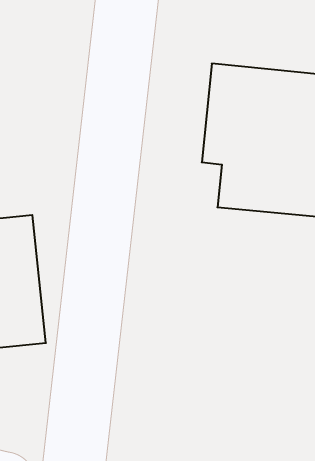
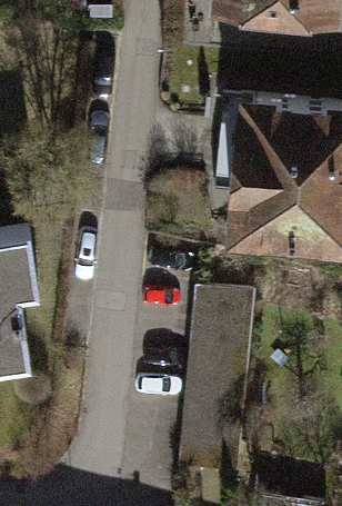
building: none -> [178,288,251,472]

